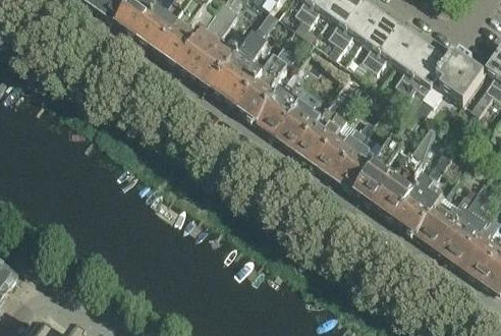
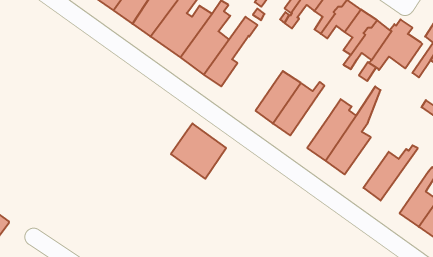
building: [258,88,320,150] -> [171,123,226,179]
building: [335,131,380,191] -> none
building: [396,146,455,236] -> none
building: [437,191,491,265] -> none

